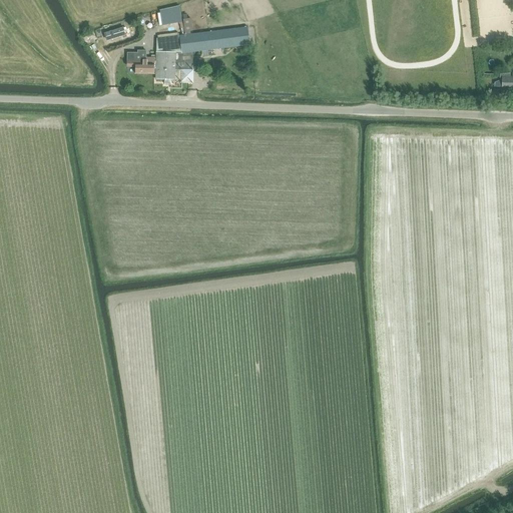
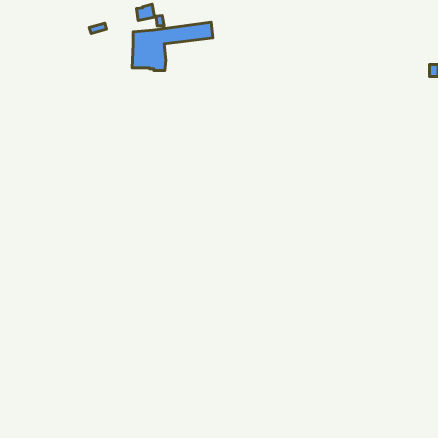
building: [126,50,153,73] -> none

